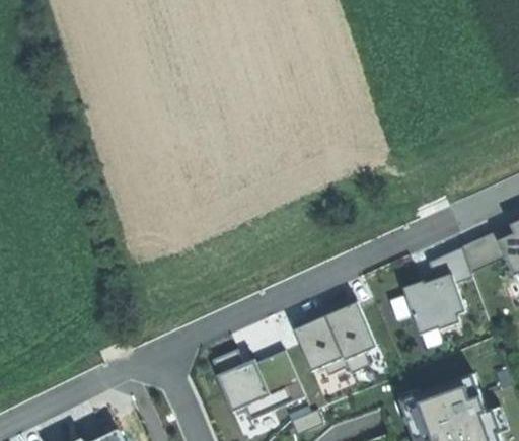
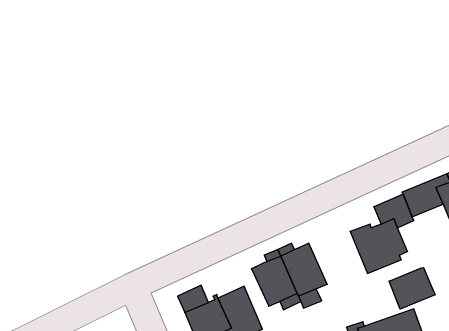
building: none -> [389,268,435,309]

